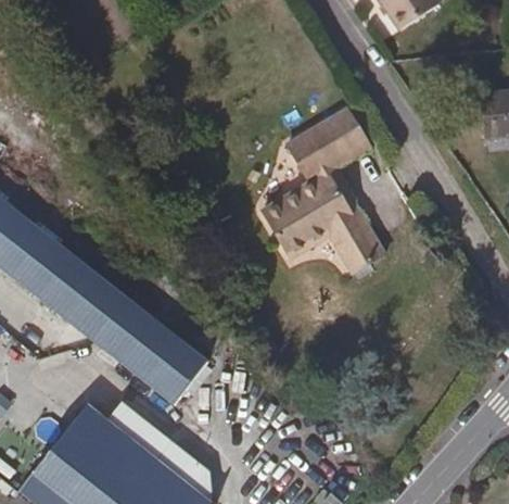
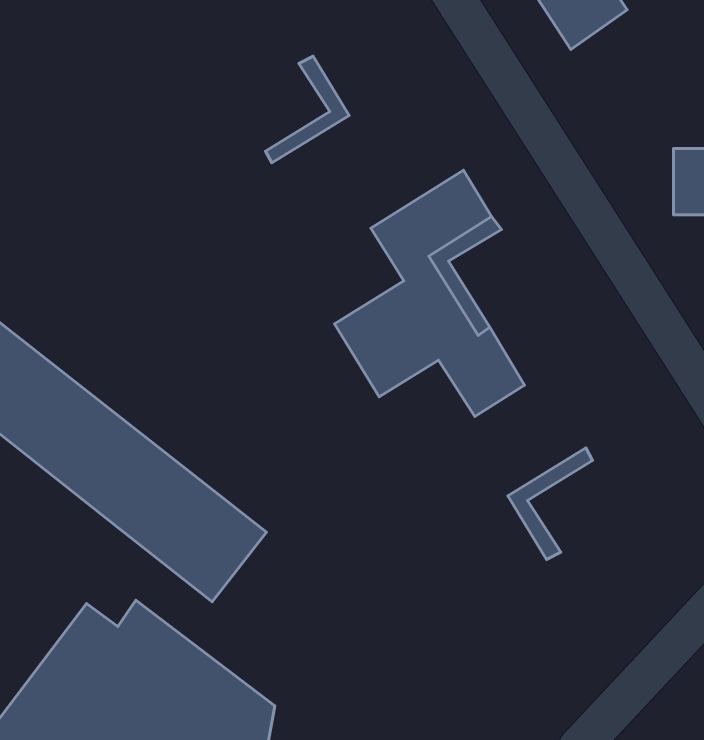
building: none -> [265,56,349,163]
building: none -> [508,448,593,560]

